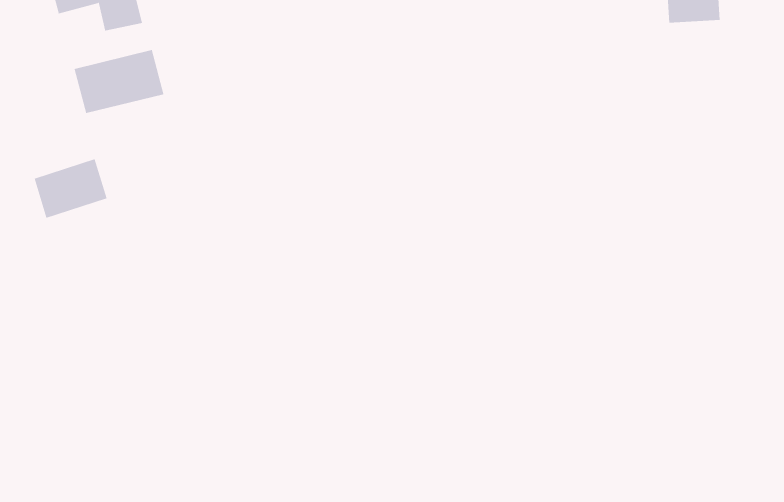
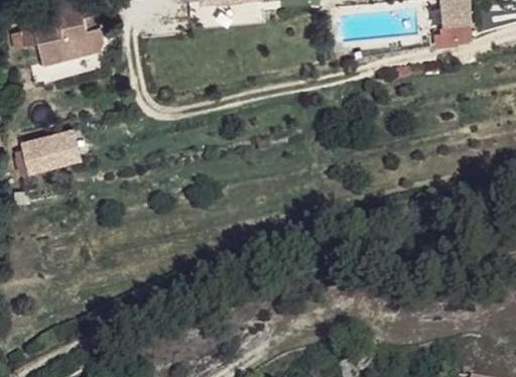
building: [74,49,164,114] -> none

